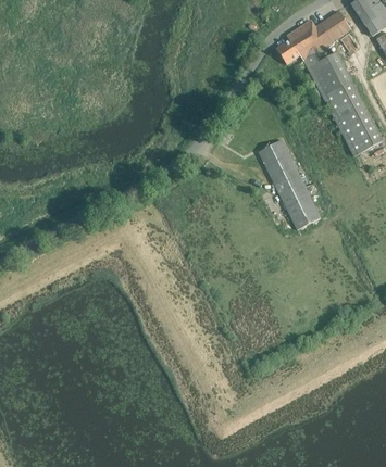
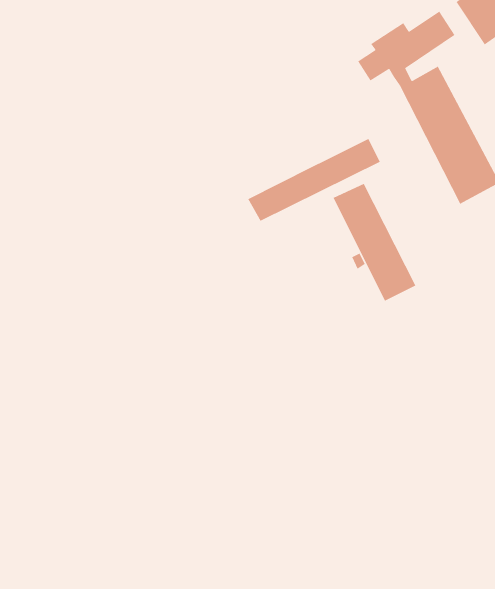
building: none -> [247,138,381,222]

